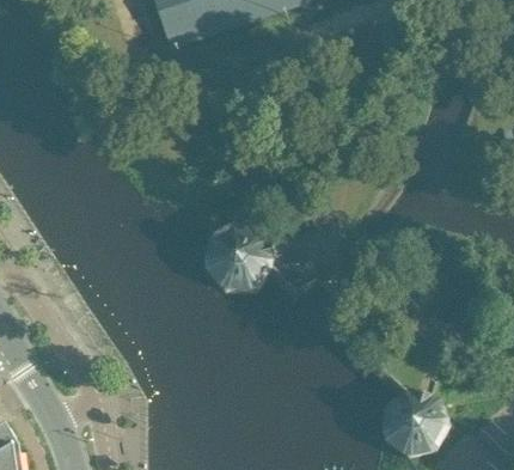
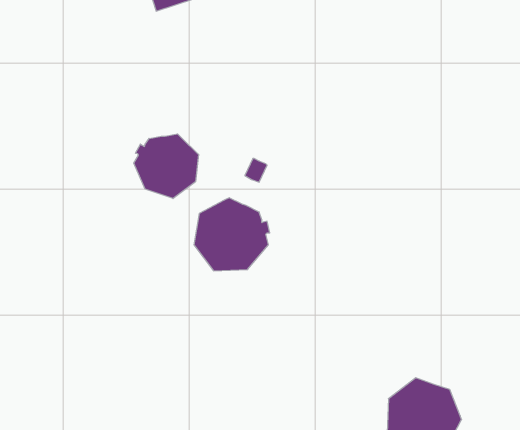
building: none -> [134,134,199,199]

